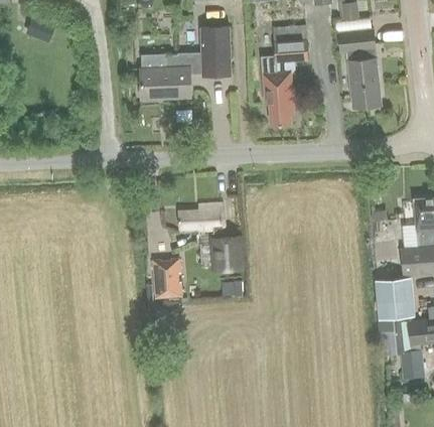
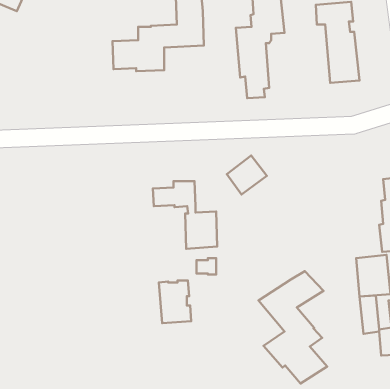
building: none -> [227,156,267,194]
building: [152,257,183,298] -> [159,281,191,323]
building: none -> [258,271,327,383]

